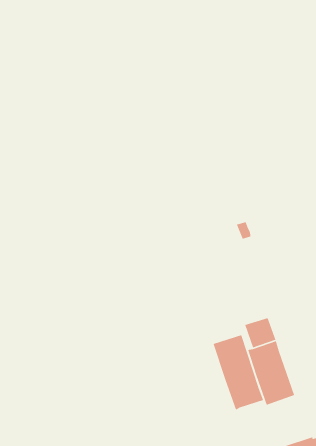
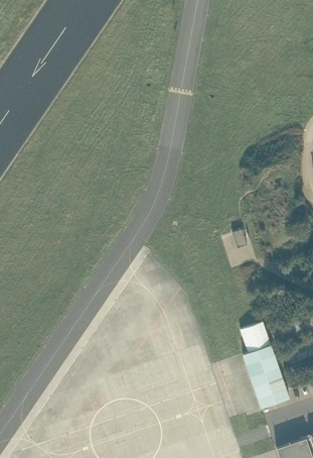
building: [212,334,264,411] -> none

